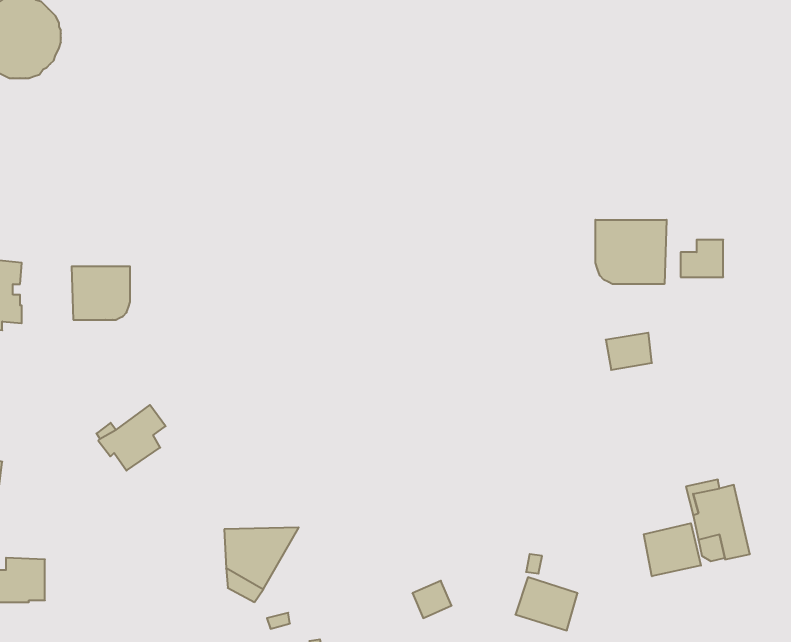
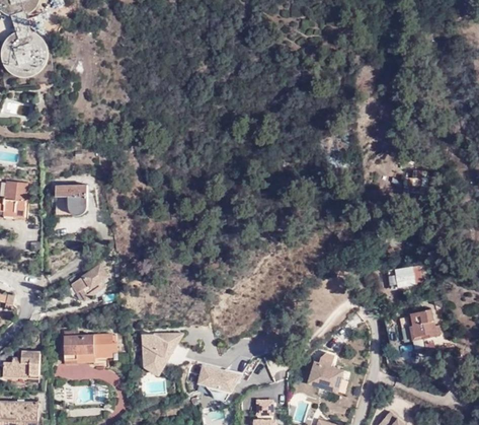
building: [595,220,667,284] -> none
building: [606,333,652,370] -> [394,265,420,286]
building: [644,523,701,576] -> none
building: none -> [63,331,117,364]
building: none -> [196,364,240,393]

